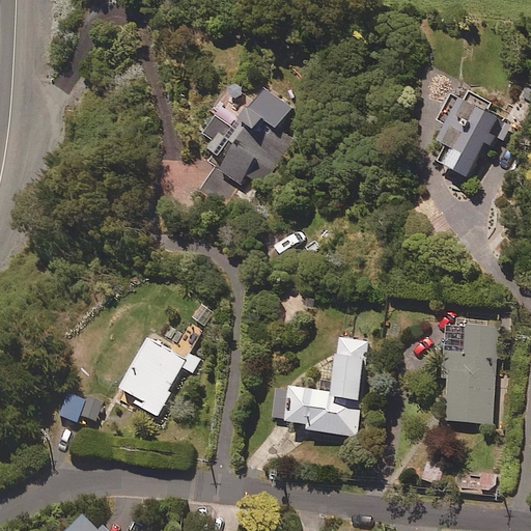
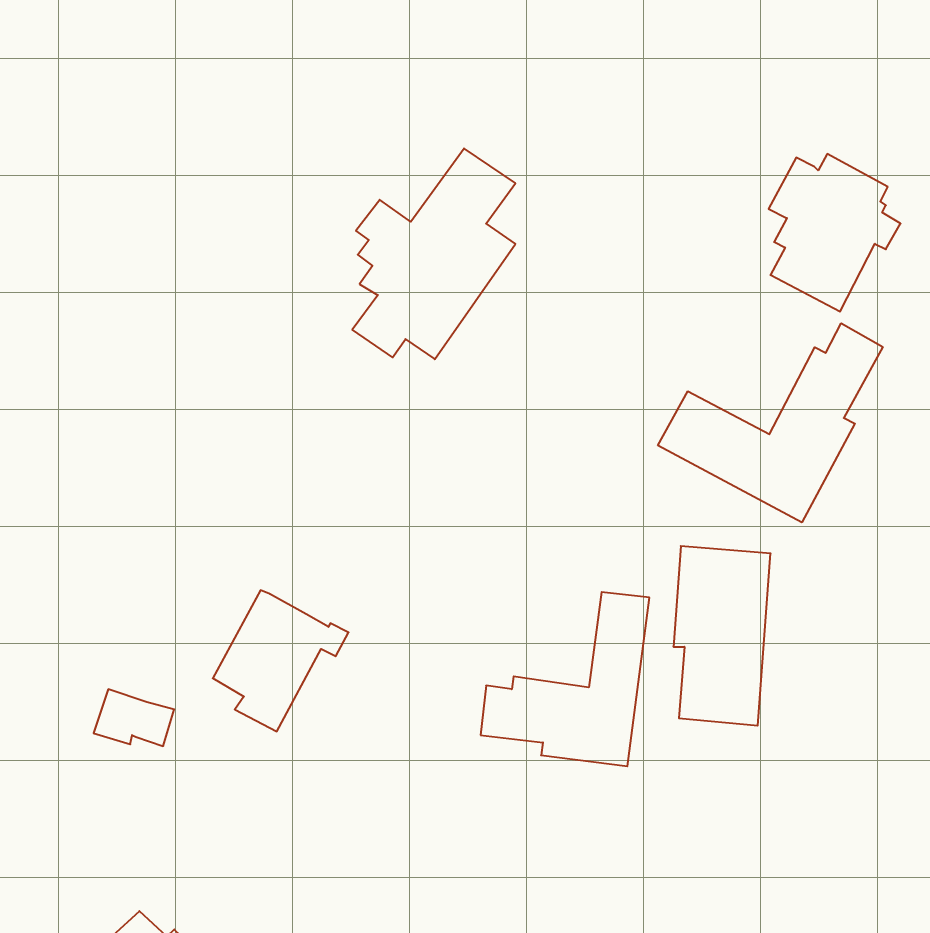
building: none -> [658,323,883,522]
building: [443,323,498,424] -> [673,546,771,726]

